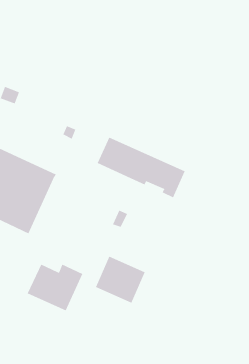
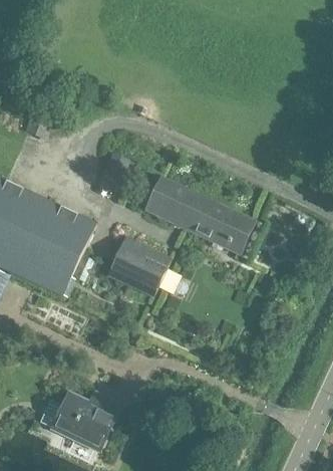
building: [95,256,146,303] -> [107,237,170,295]
building: [27,264,83,311] -> [50,392,119,450]

